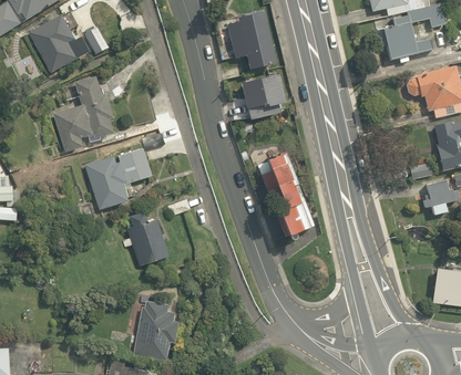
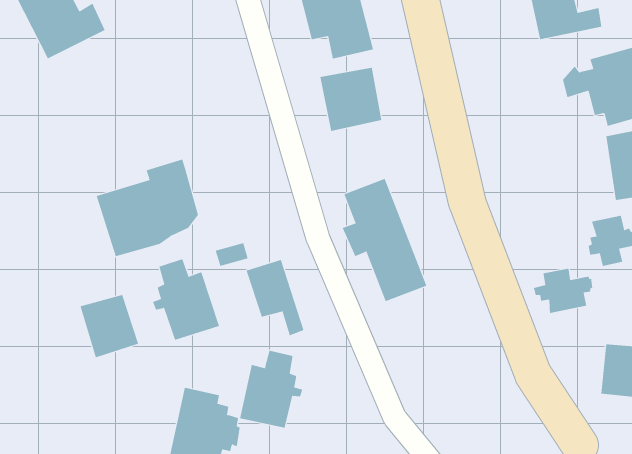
building: [51,73,116,154] -> none
building: none -> [246,259,304,336]
building: none -> [533,268,593,314]
building: none -> [80,294,139,358]
building: none -> [240,350,303,429]

